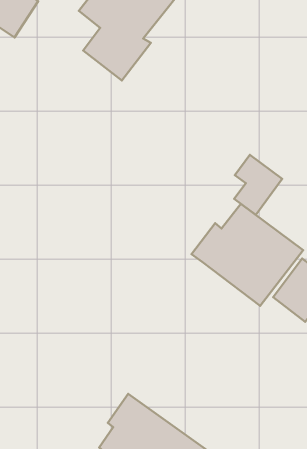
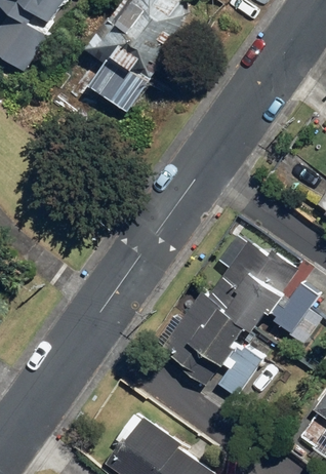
building: [234,155,282,215] -> none
building: none -> [151,285,263,402]

